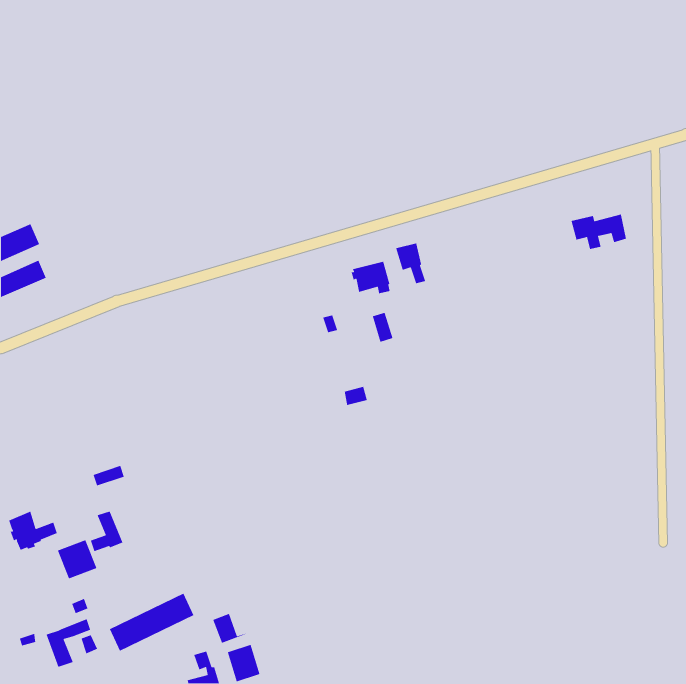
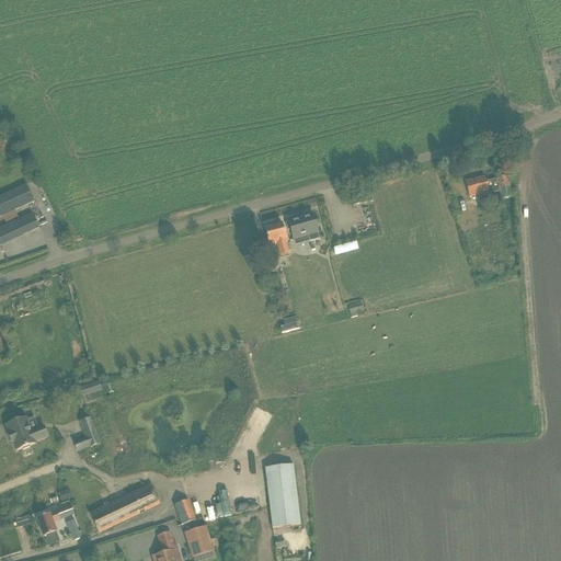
building: [395,242,426,284] -> [264,221,289,255]
building: [57,539,97,579] -> none
building: none -> [264,463,300,527]

